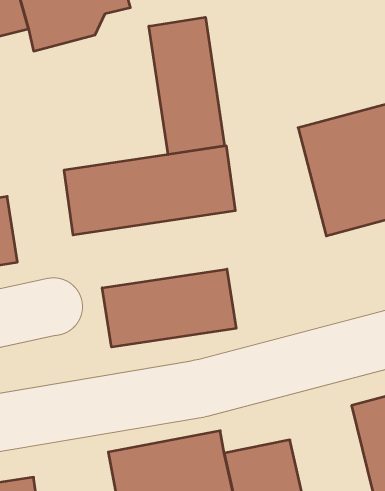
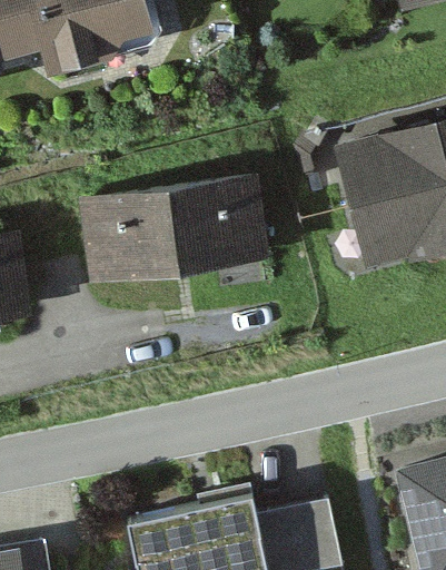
building: [149,17,225,155] -> none
building: [102,269,236,347] -> none

